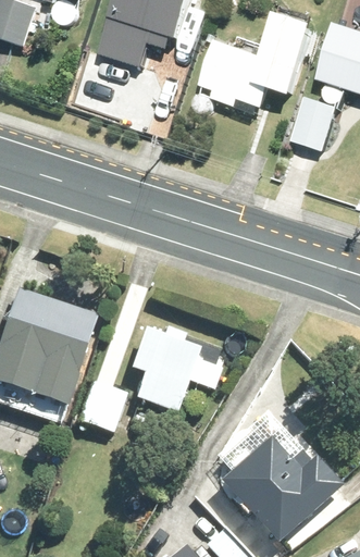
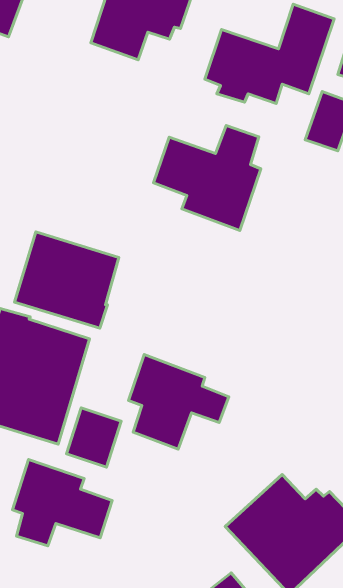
building: none -> [153,126,261,230]
building: none -> [15,232,119,328]
building: none -> [13,459,112,546]

